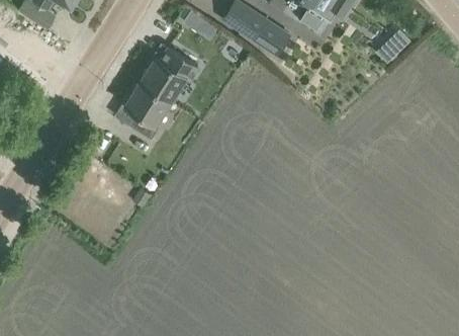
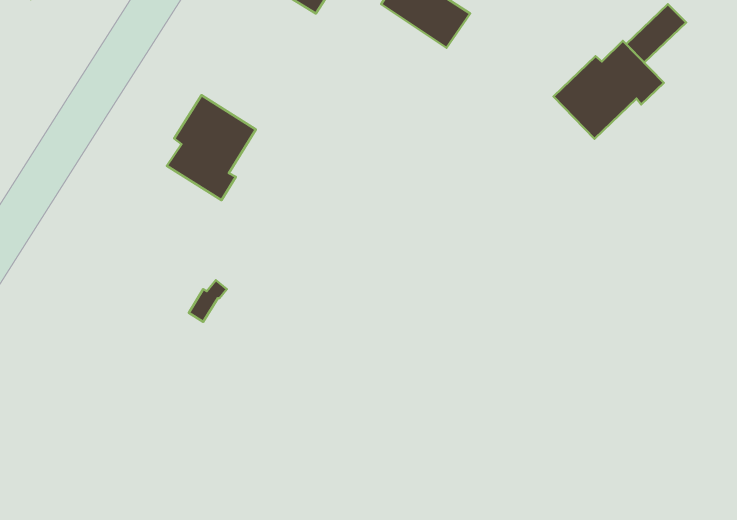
building: [141,48,198,100] -> none
building: none -> [553,41,664,139]

